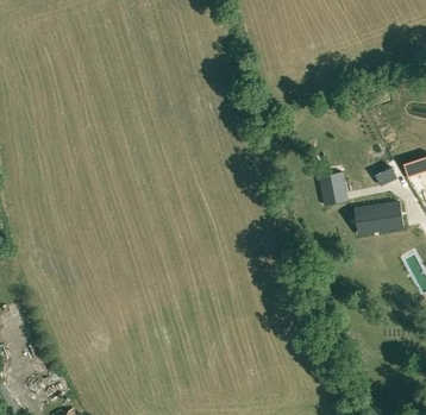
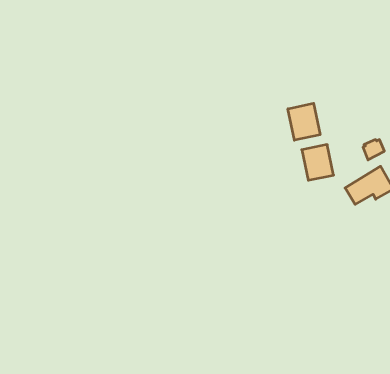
building: none -> [288,103,320,140]

